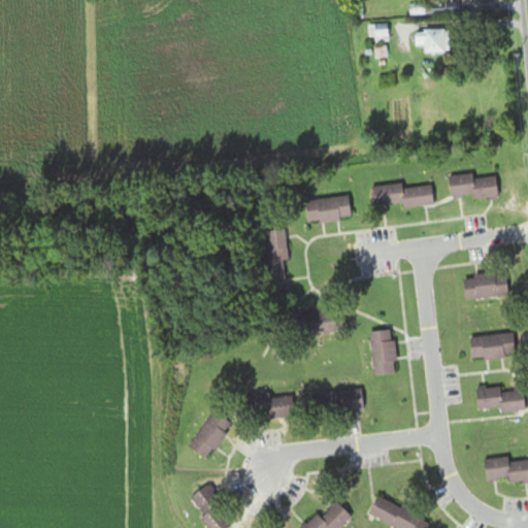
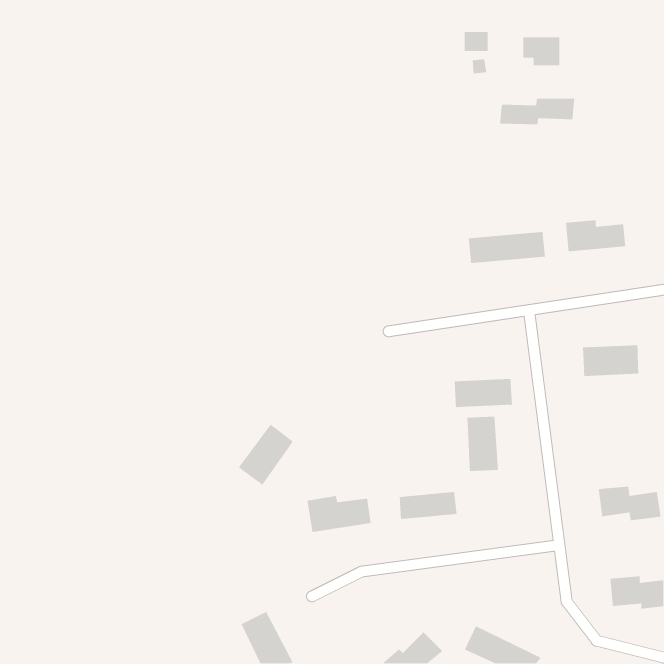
building: none -> [499,98,575,125]
building: [305,196,351,224] -> none
building: [265,229,288,289] -> none
building: none -> [454,378,513,408]
building: [469,333,515,360] -> none
building: [188,410,232,460] -> [238,423,294,486]

